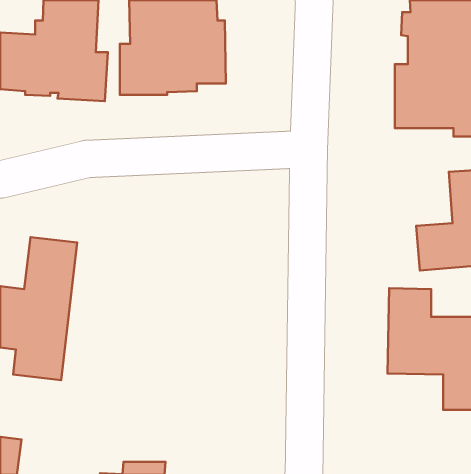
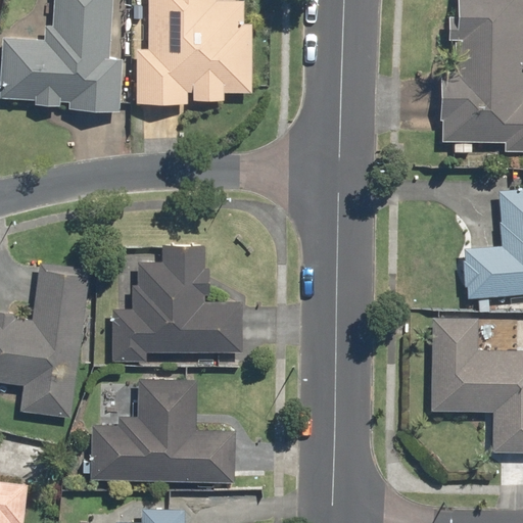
building: none -> [111,245,243,363]
building: none -> [89,378,235,484]

